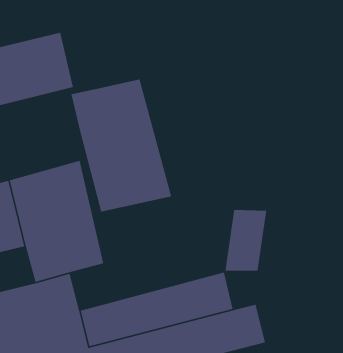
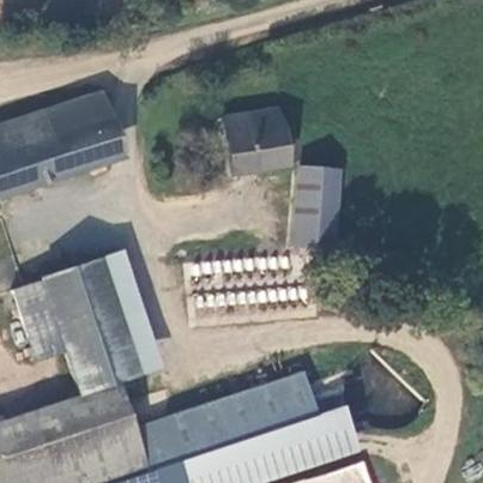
building: none -> [223,107,288,171]
building: [71,78,172,212] -> none
building: [225,209,267,272] -> [295,170,340,246]

